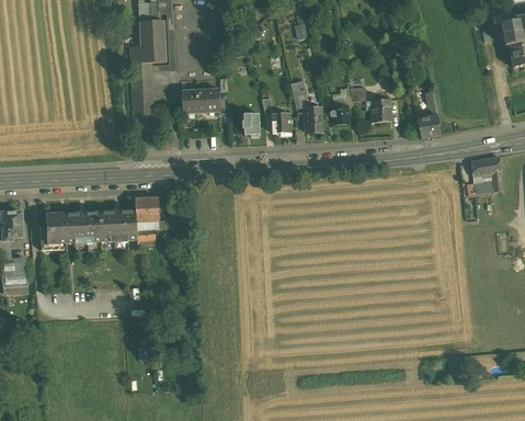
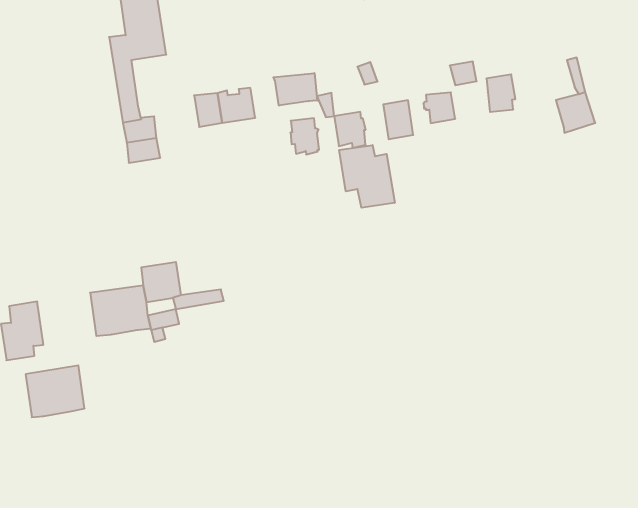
building: none -> [273,73,317,106]
building: none -> [339,145,395,208]
building: [66,212,102,242] -> [26,365,85,417]

